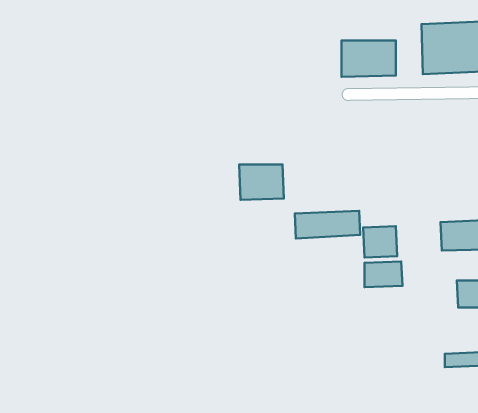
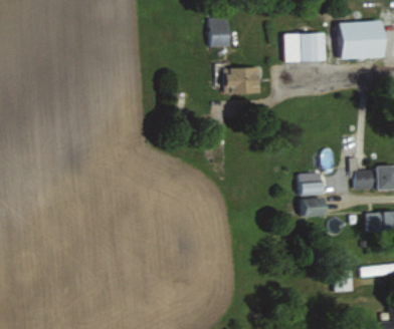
building: none -> [210,16,230,46]
building: [239,164,284,200] -> [227,67,260,93]
building: [295,211,360,239] -> none

